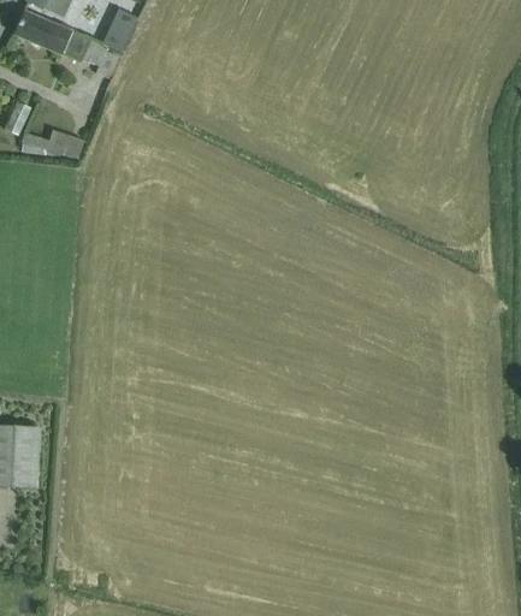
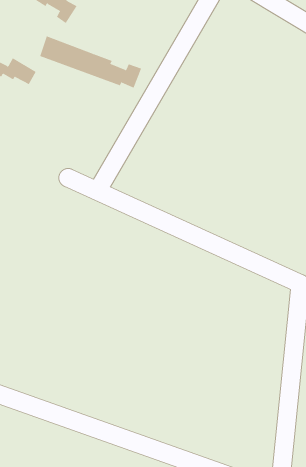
building: none -> [40,35,142,88]

